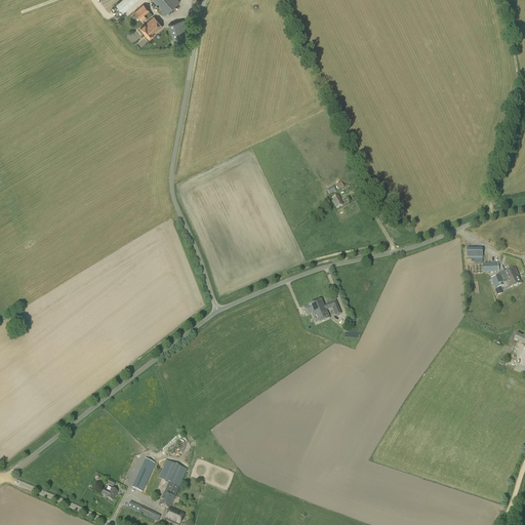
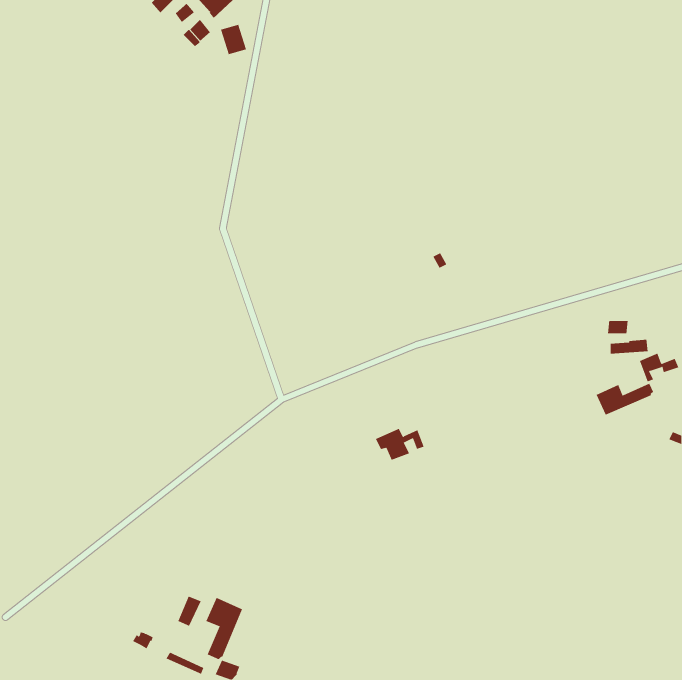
building: none -> [596,383,654,415]
building: [304,297,341,322] -> [375,428,425,460]

